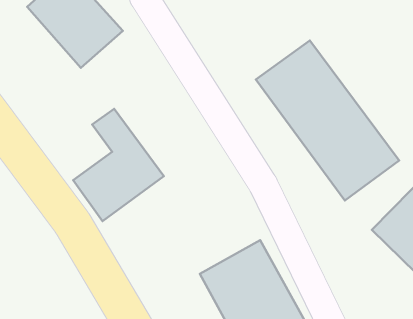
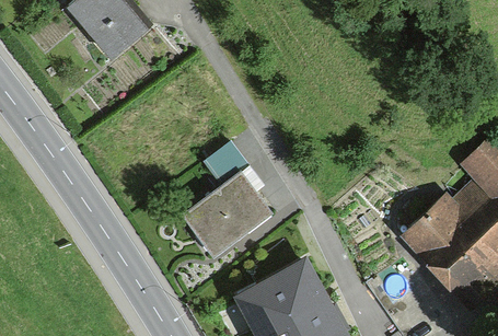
building: [256,41,399,201] -> none
building: [73,109,164,221] -> [186,141,280,258]

